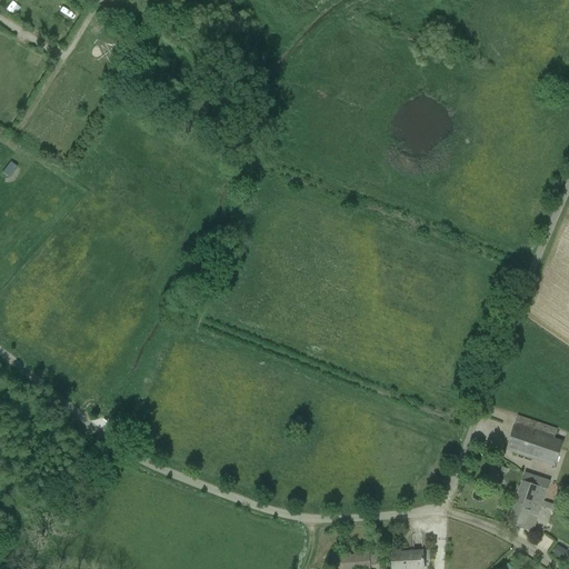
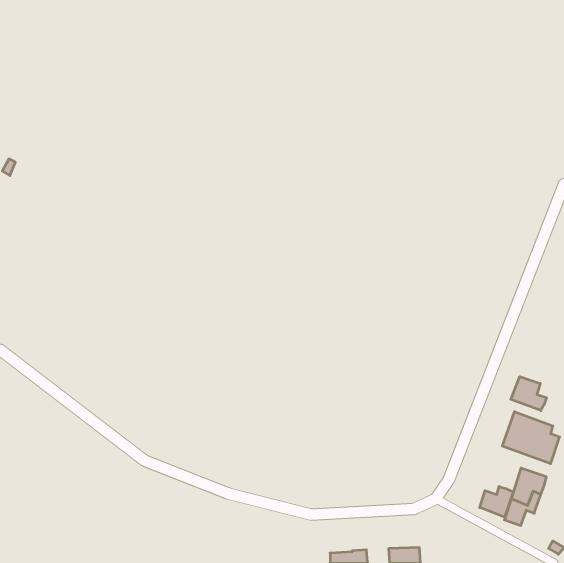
building: none -> [511,377,546,411]
building: none -> [480,486,513,517]

